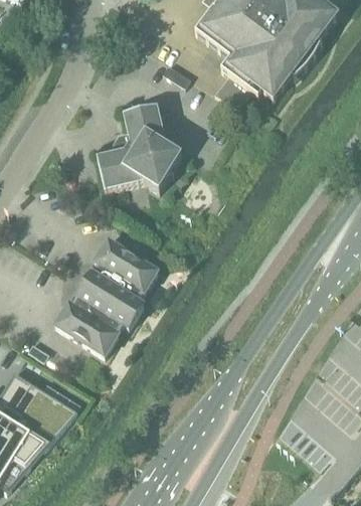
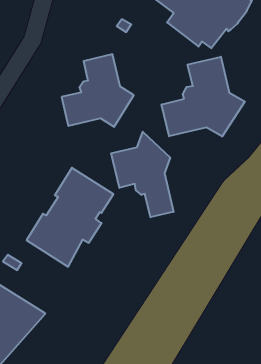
building: none -> [162,57,245,137]
building: none -> [111,132,174,217]

